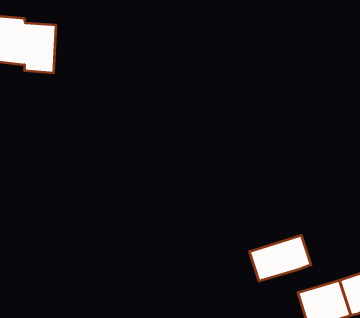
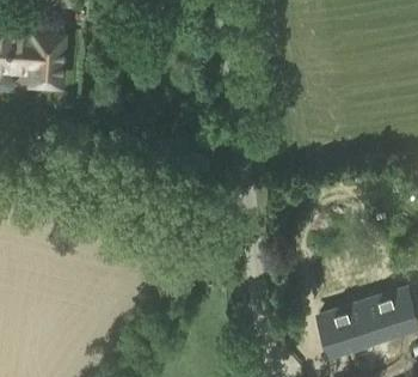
building: [250,235,311,281] -> none

